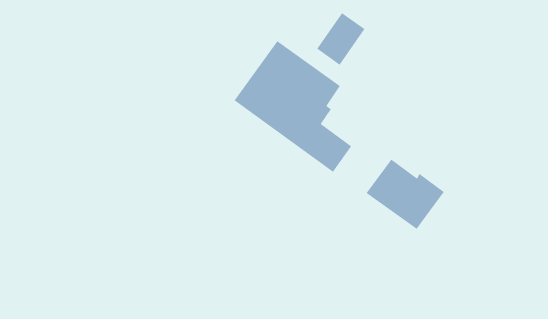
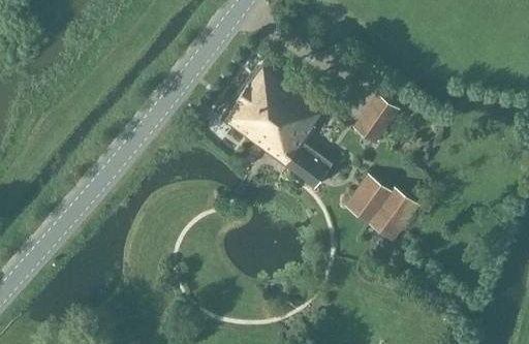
building: [316,12,365,66] -> [353,94,399,144]

